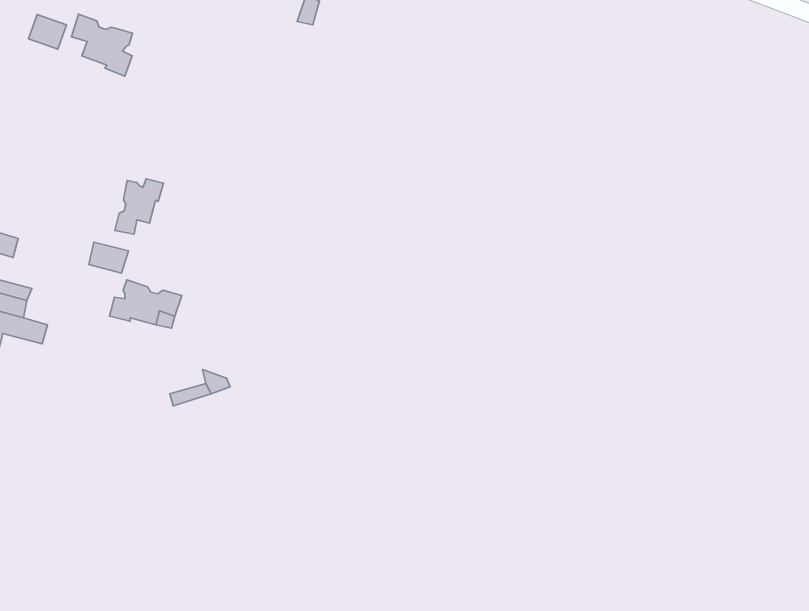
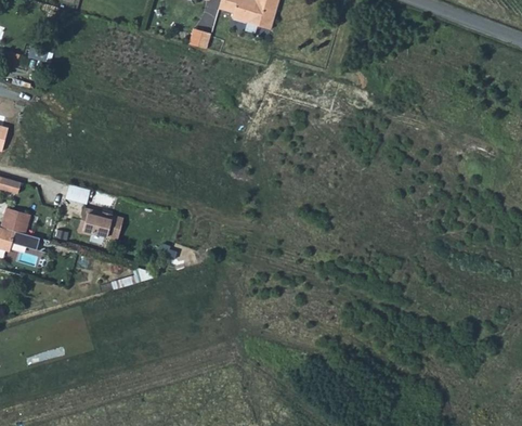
building: [72,14,133,76] -> none
building: [115,179,163,234] -> none

